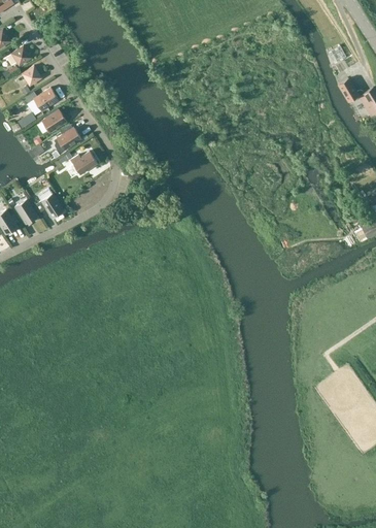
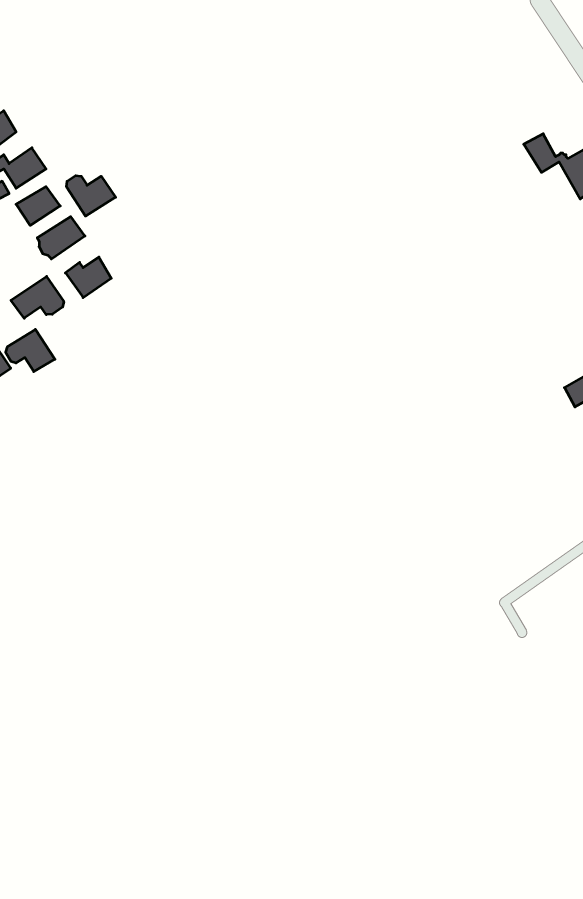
building: none -> [67,176,116,216]
building: none -> [11,276,64,318]

